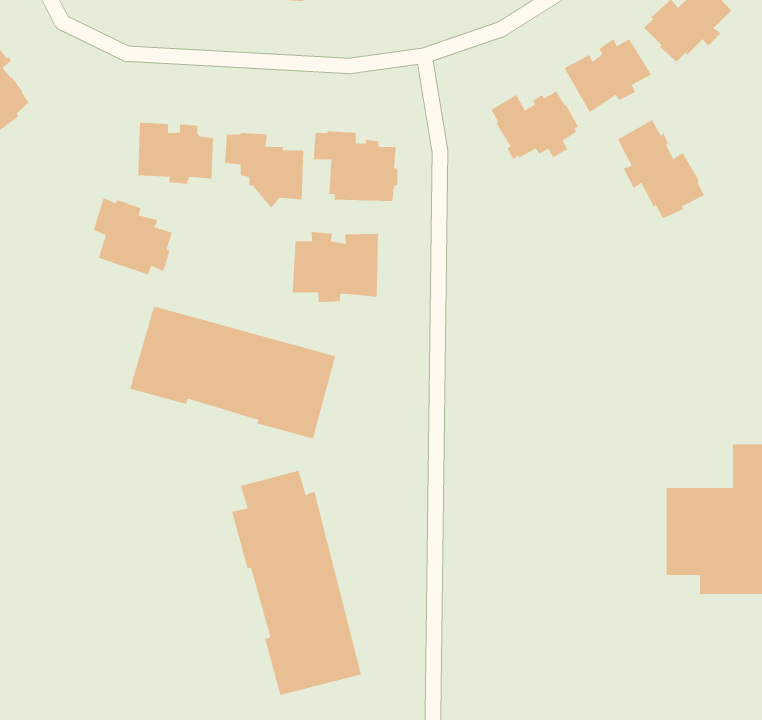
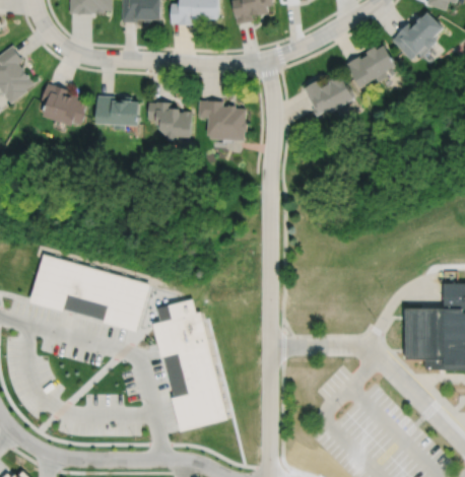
building: [617,119,705,219] -> none
building: [93,197,173,276] -> [41,83,87,129]
building: [292,231,379,303] -> none
building: [129,306,336,439] -> [28,253,149,331]

